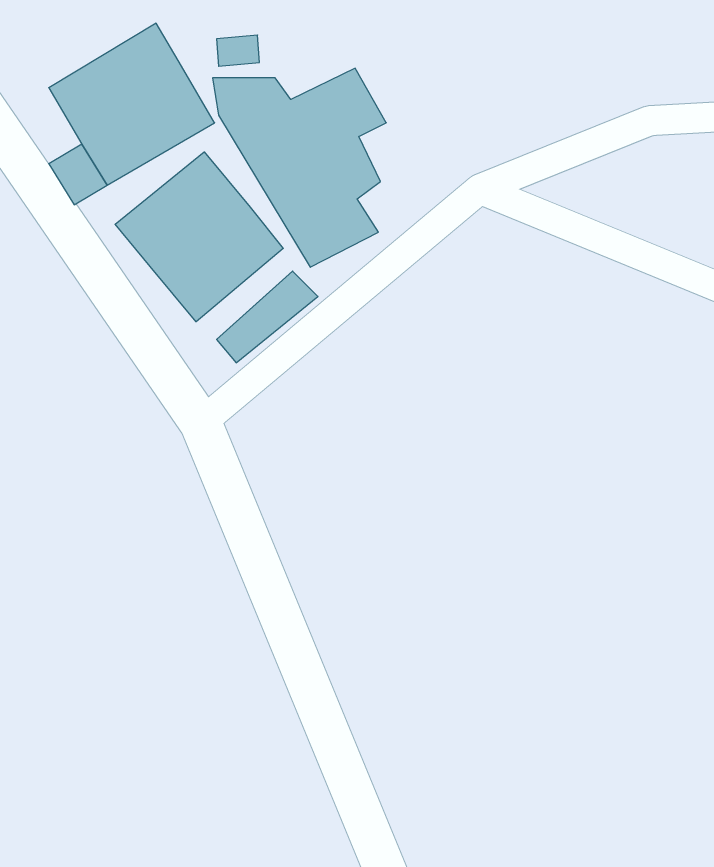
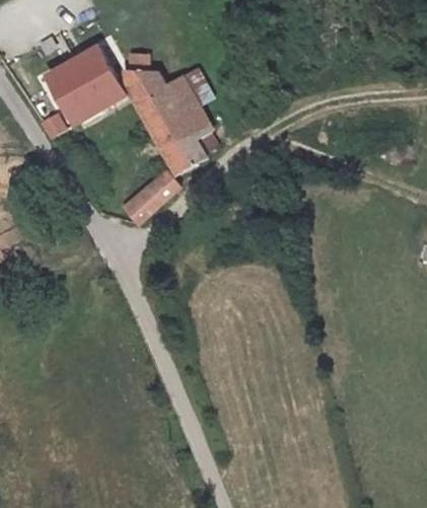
building: [115,152,283,322] -> none

